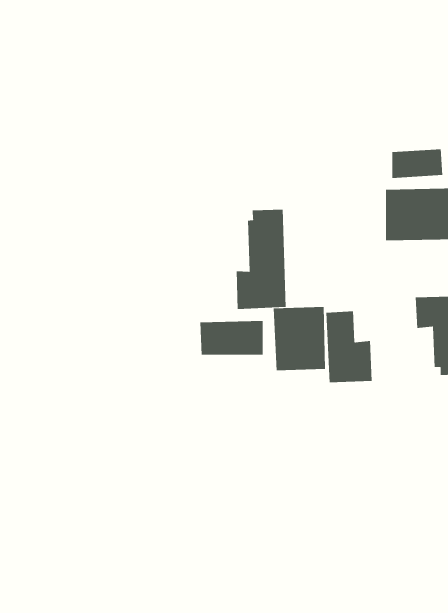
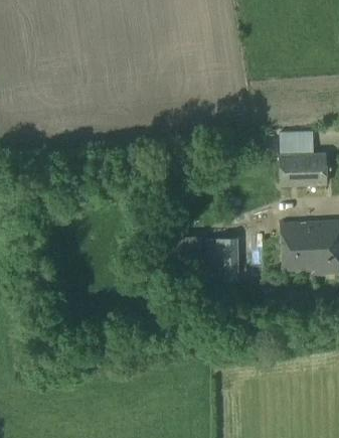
building: [236,209,286,310] -> none
building: [326,311,372,383] -> [281,224,311,270]

